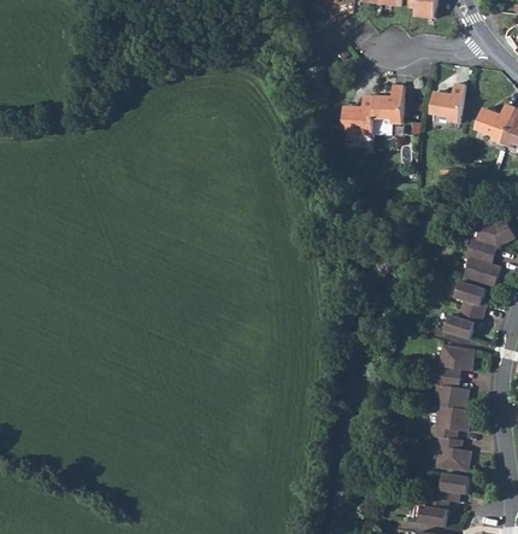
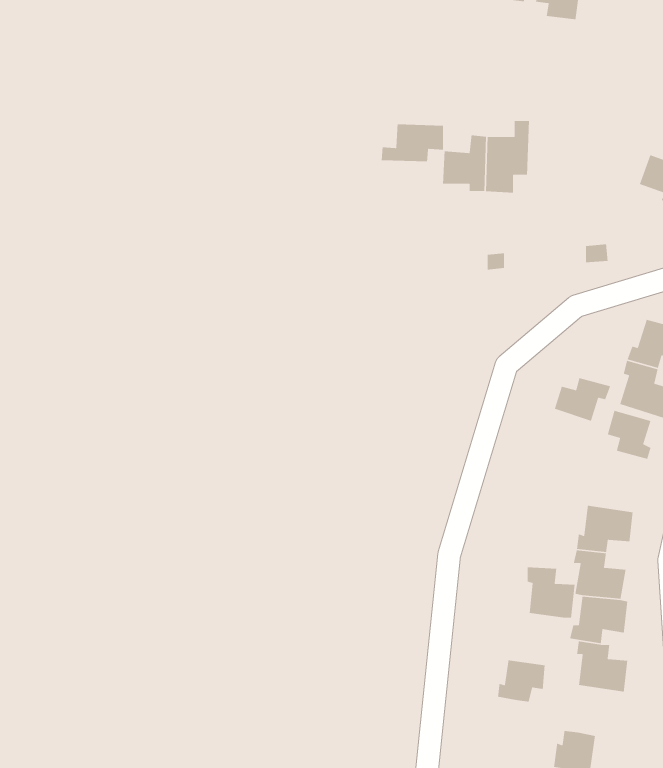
building: [431,83,465,123] -> none
building: none -> [381,124,444,162]
building: [445,309,483,339] -> [554,377,611,422]
building: none -> [527,567,576,619]
building: [436,473,469,501] -> [497,659,545,702]

